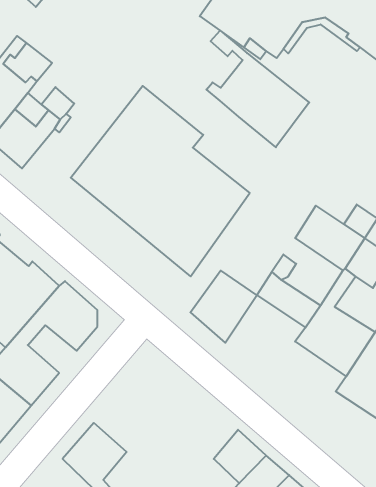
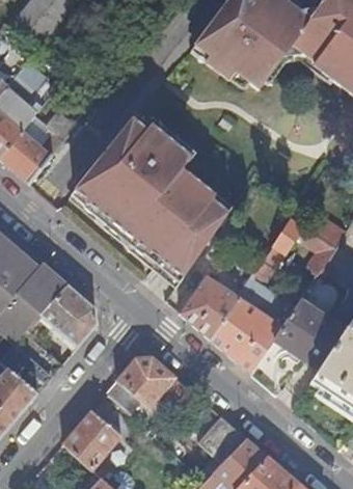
building: [206,31,309,147] -> none
building: none -> [210,297,281,374]
building: none -> [106,357,191,415]

